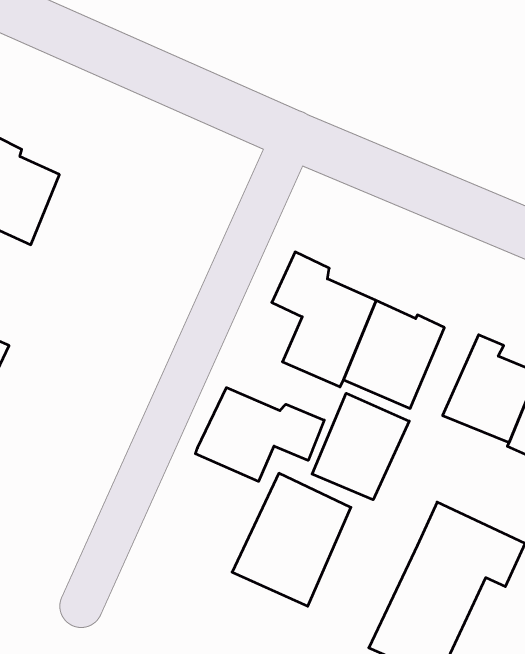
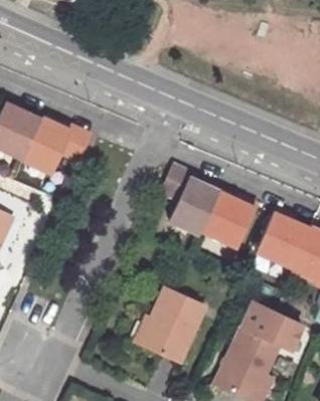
building: none -> [25,117,94,174]
building: [195,388,324,481] -> none
building: [312,393,409,500] -> none

